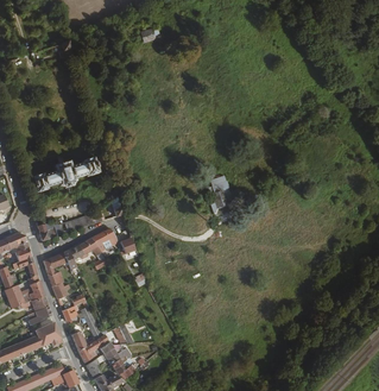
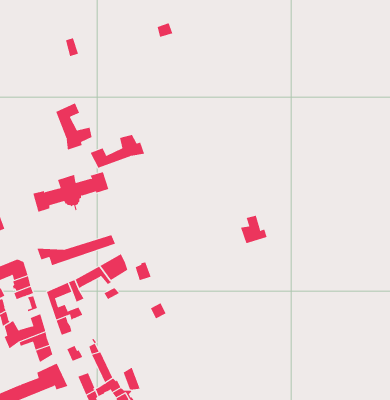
building: none -> [55,103,92,151]
building: none -> [90,134,145,169]

